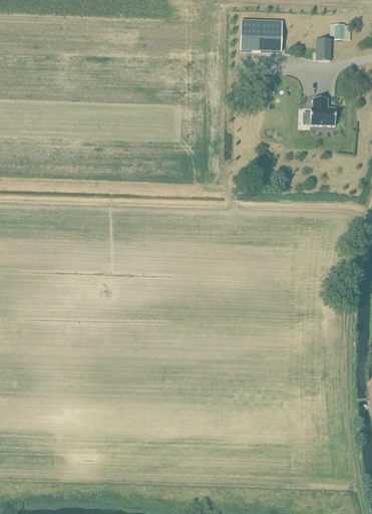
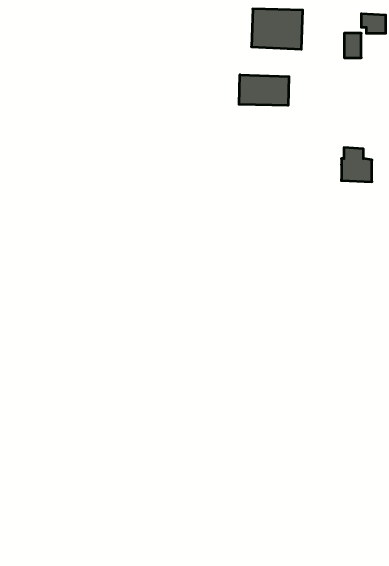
building: none -> [239,75,289,105]
building: [310,97,335,125] -> [341,148,372,182]

